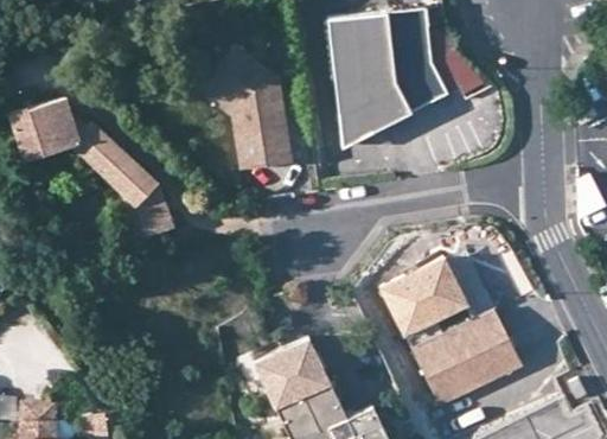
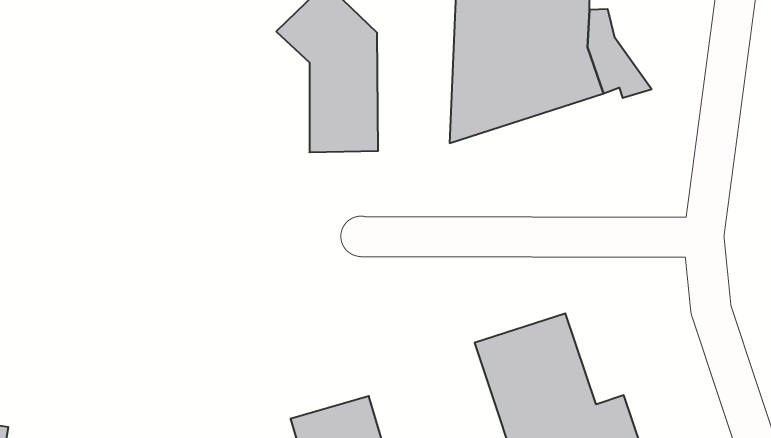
building: [9,98,174,241] -> none

